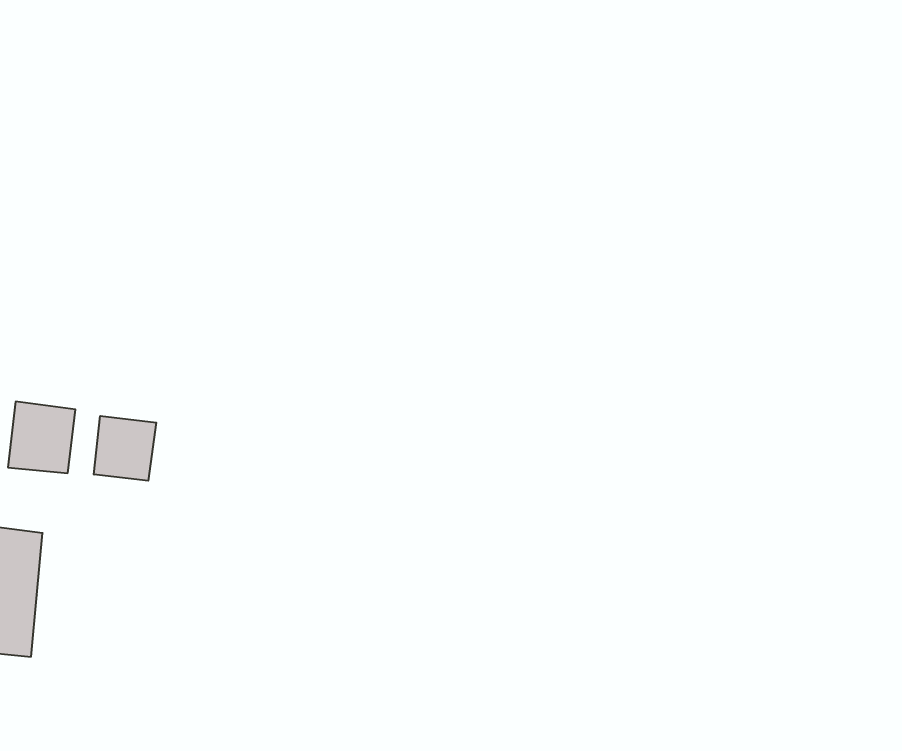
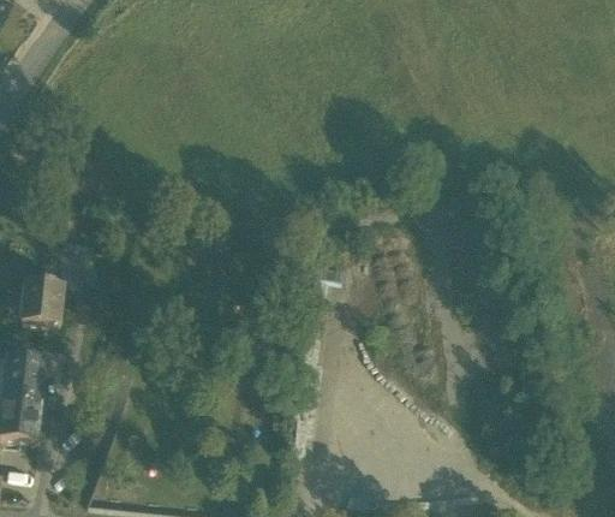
building: [94,416,156,481] -> none

